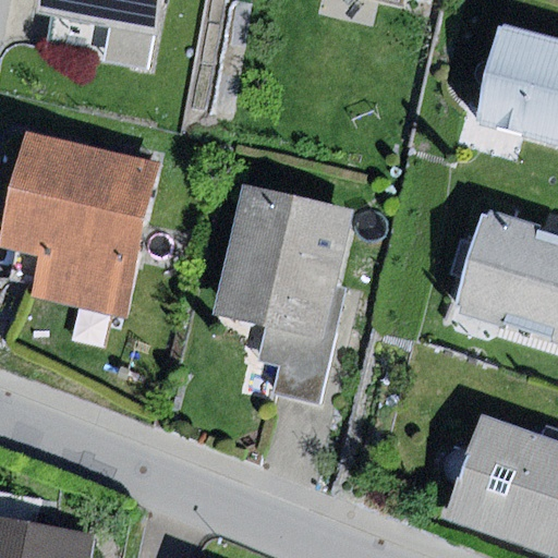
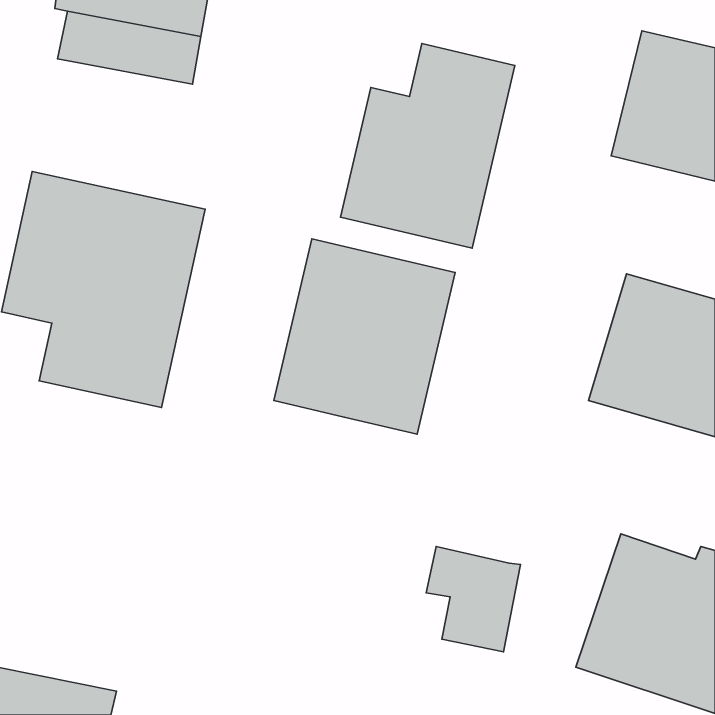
building: none -> [340,43,515,248]
building: [259,324,332,405] -> [426,546,520,652]

